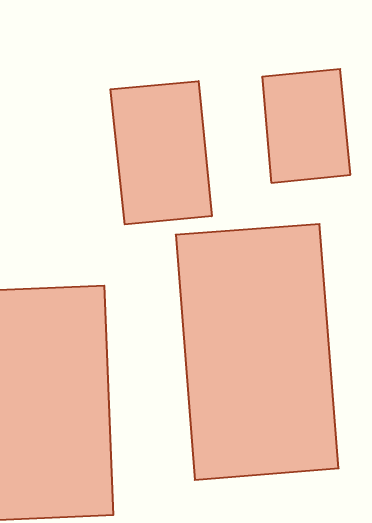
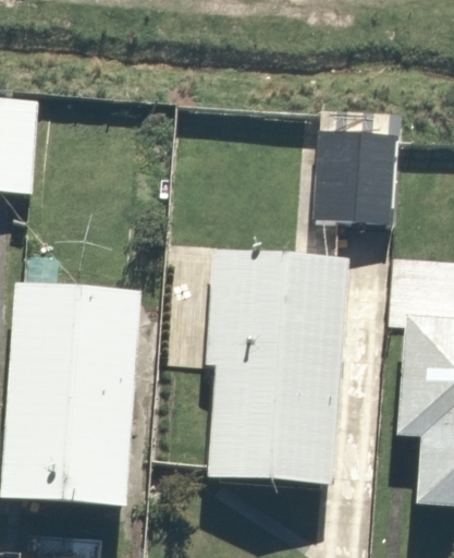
building: [110,81,212,224] -> none

